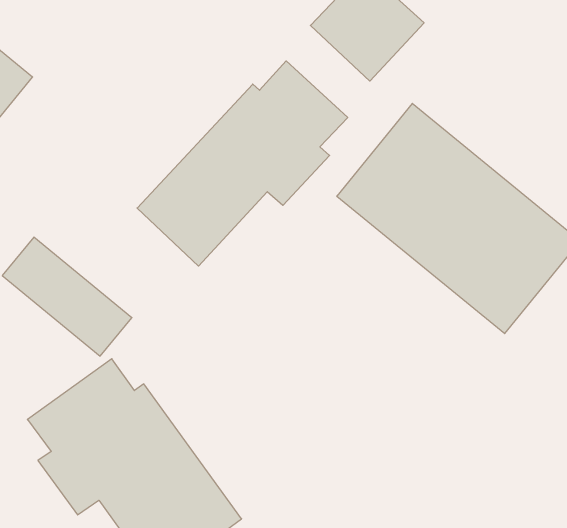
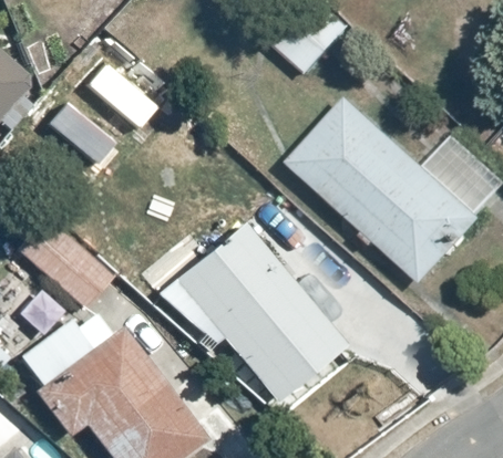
building: [137,61,348,266] -> none
building: none -> [173,218,348,405]

